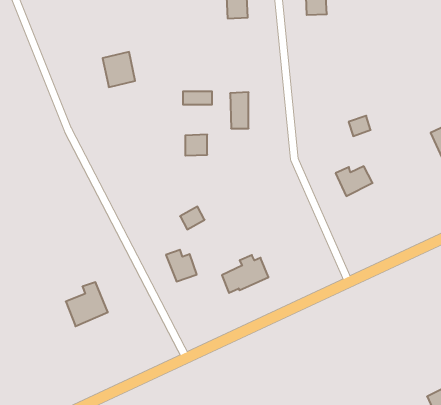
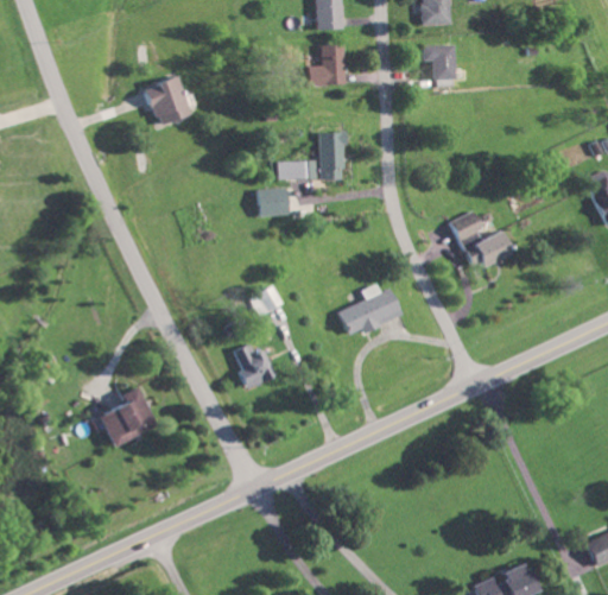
building: none -> [423,45,455,81]
building: none -> [308,46,346,87]
building: [183,91,212,105] -> [279,160,318,178]
building: [349,116,371,136] -> [454,211,483,239]
building: [222,255,269,293] -> [340,284,403,335]

